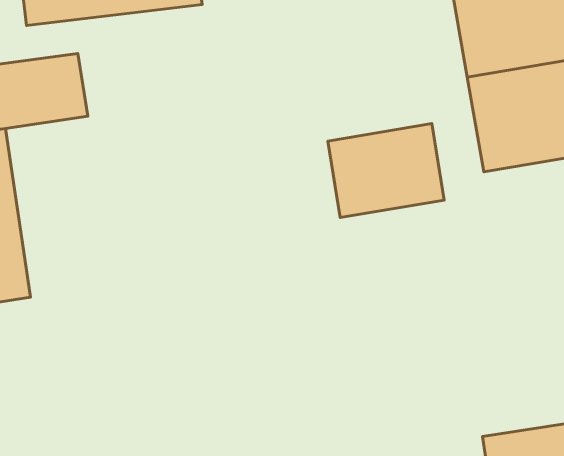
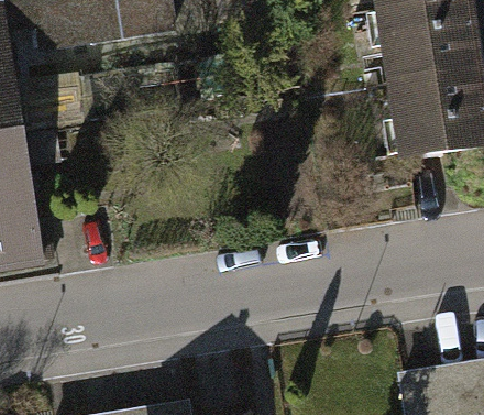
building: [328,124,444,217] -> none

